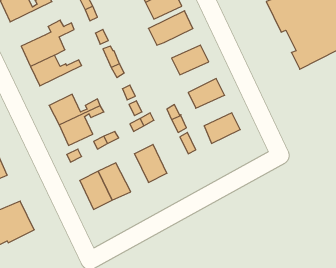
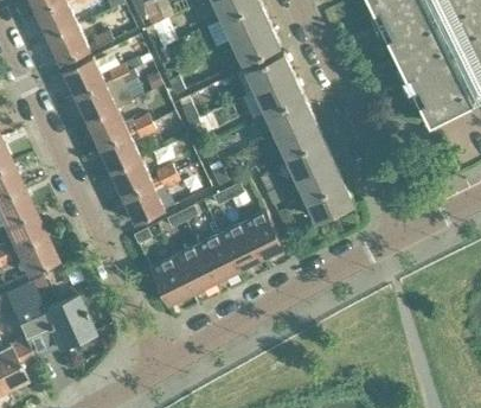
building: none -> [62,57,104,97]
building: none -> [256,75,302,113]
building: none -> [276,117,322,157]
building: none -> [97,122,155,173]
building: none -> [296,160,342,199]
building: none -> [242,212,283,260]
building: none -> [194,235,236,283]

